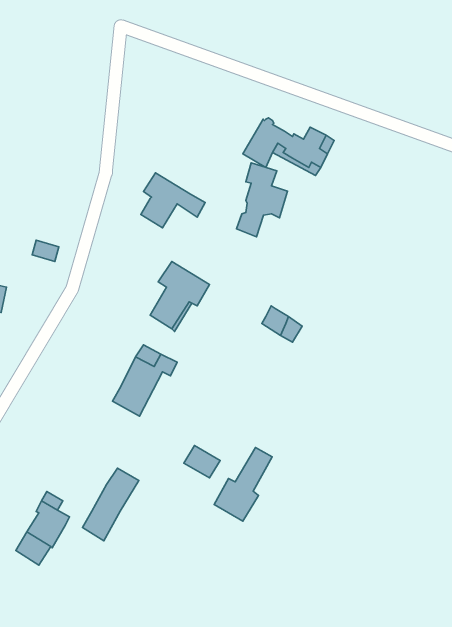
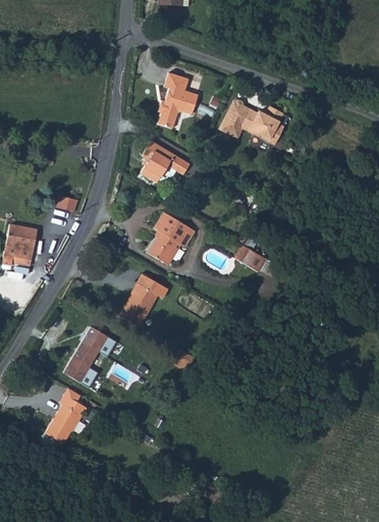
building: [237,163,288,237] -> [157,74,196,130]
building: [214,448,272,521] -> none
building: [82,468,139,541] -> [63,325,106,380]

